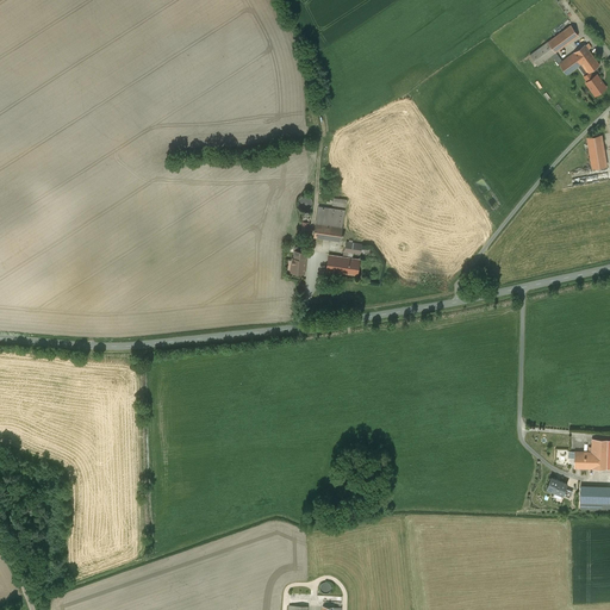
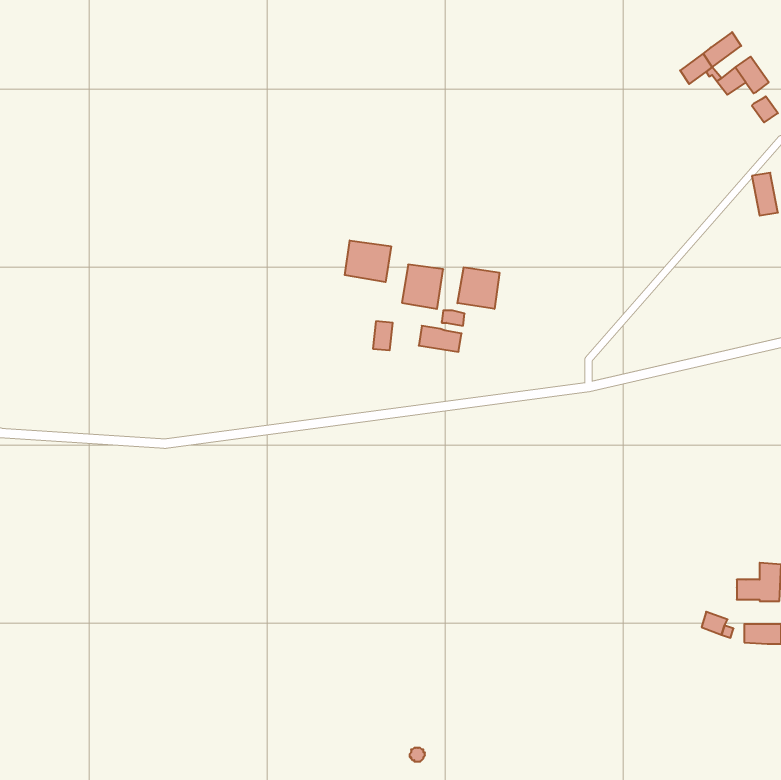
building: none -> [345,240,391,282]
building: none -> [457,267,499,309]

